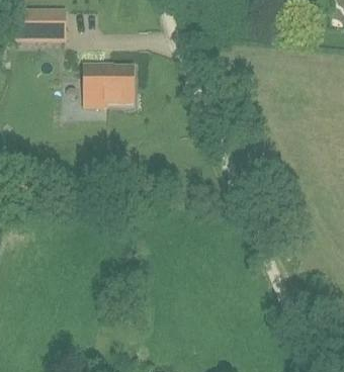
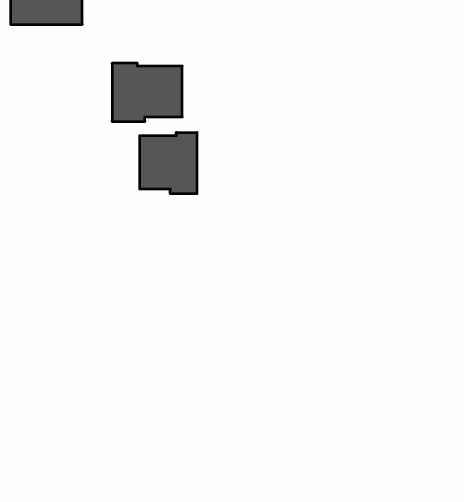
building: none -> [140,132,197,194]

